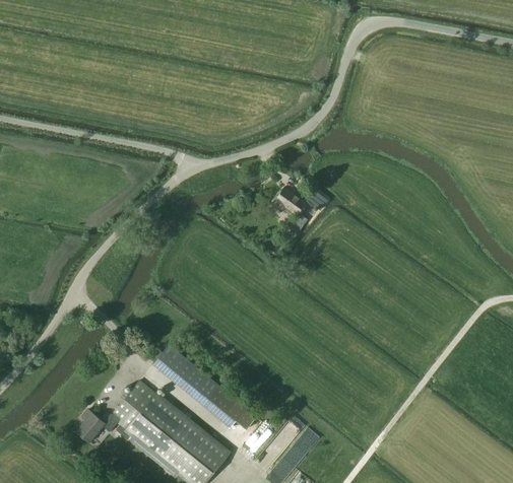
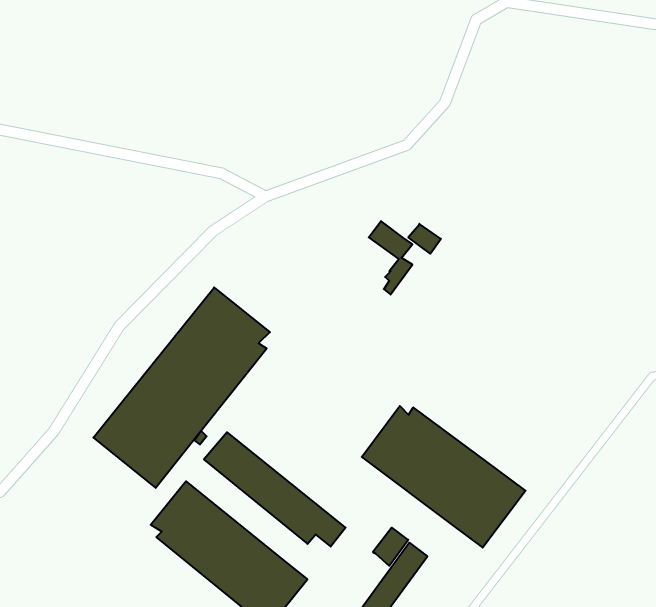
building: none -> [93,287,270,488]
building: none -> [362,406,526,548]
building: [77,408,122,441] -> none

